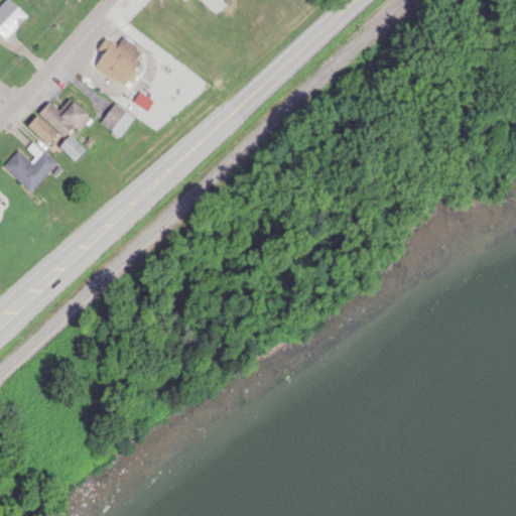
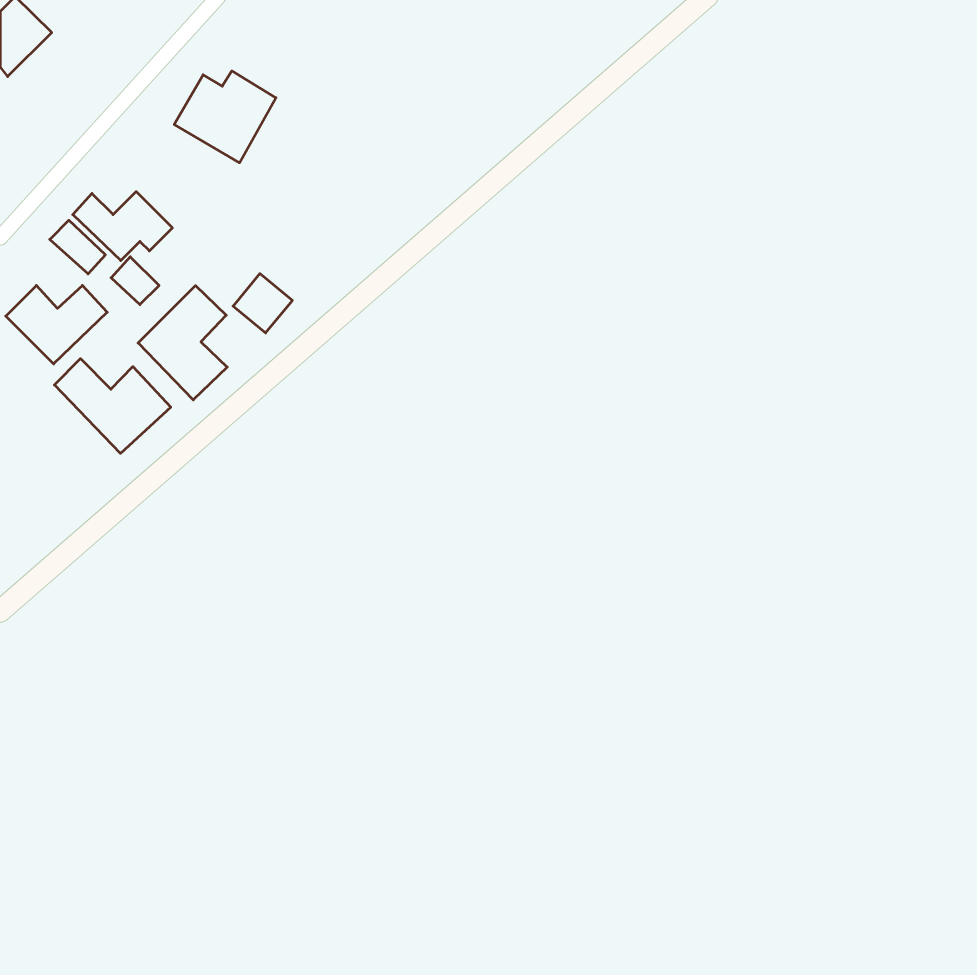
building: [102,105,133,136] -> [233,274,292,333]
building: none -> [138,286,227,400]
building: none -> [54,359,171,453]

